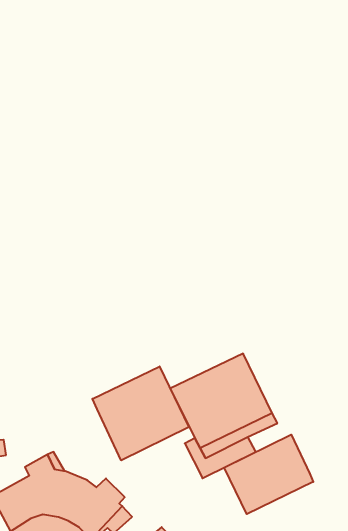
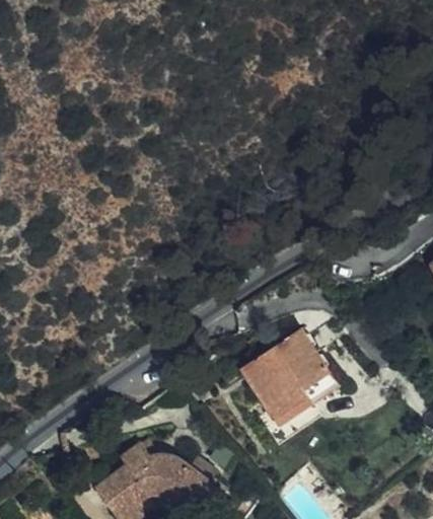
building: [92,366,189,460] -> none
building: [224,435,313,514] -> none

